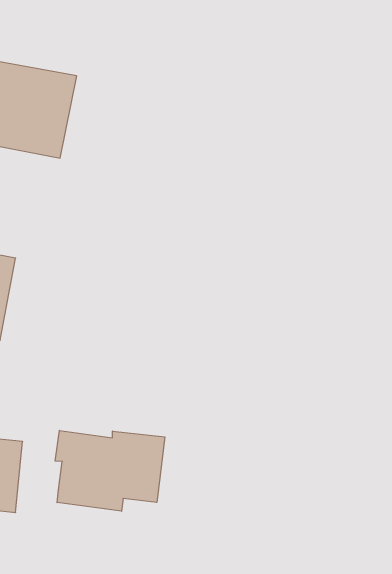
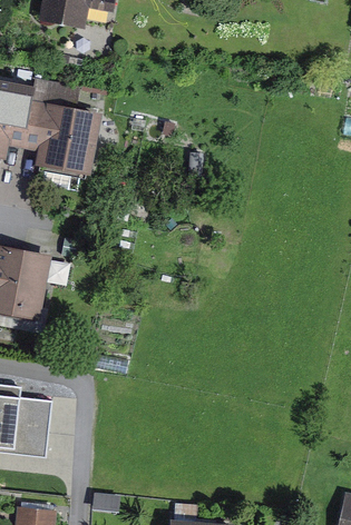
building: [55,430,165,511] -> none

